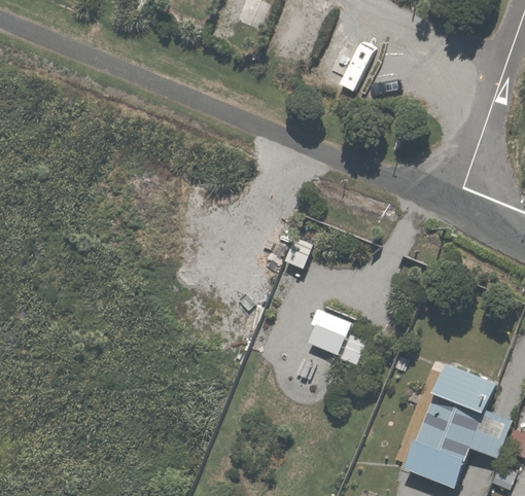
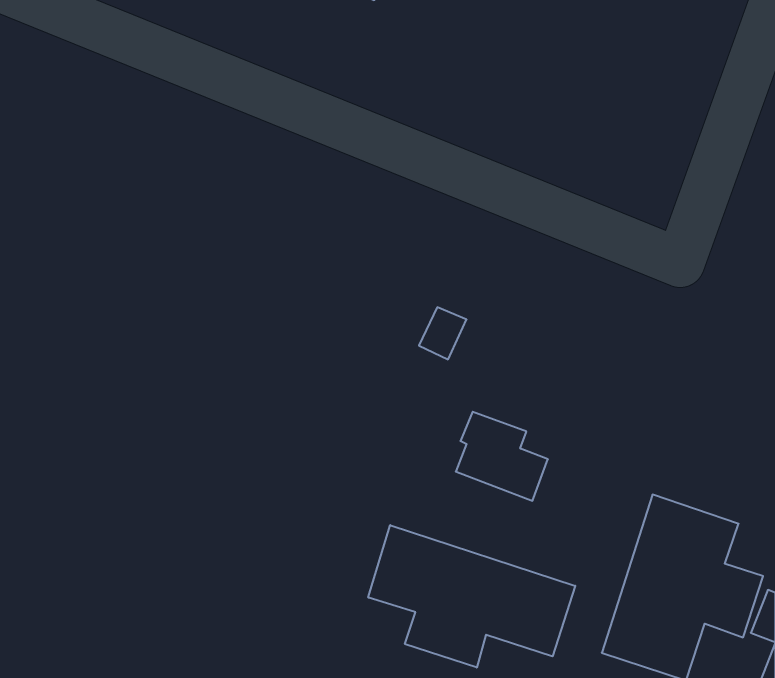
building: none -> [368,525,575,668]

